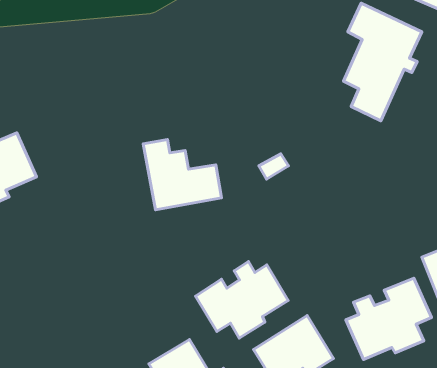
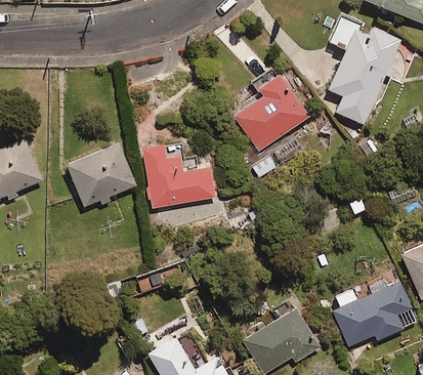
building: none -> [232,67,309,153]
building: none -> [67,142,137,208]
building: [195,261,288,338] -> none

